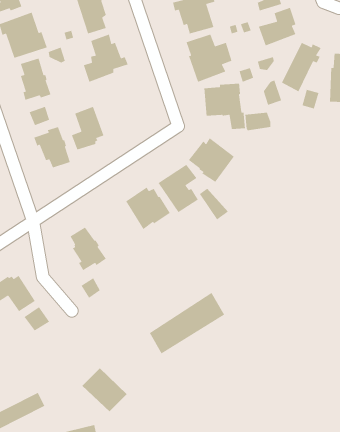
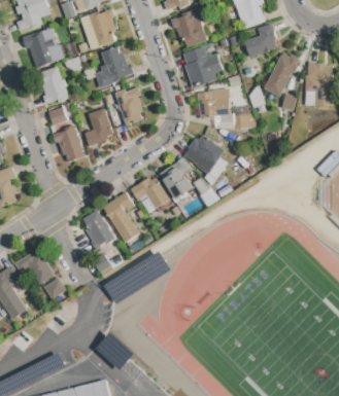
building: none -> [115,87,143,125]
building: none -> [103,192,140,243]
building: [149,292,225,355] -> [104,249,169,302]

